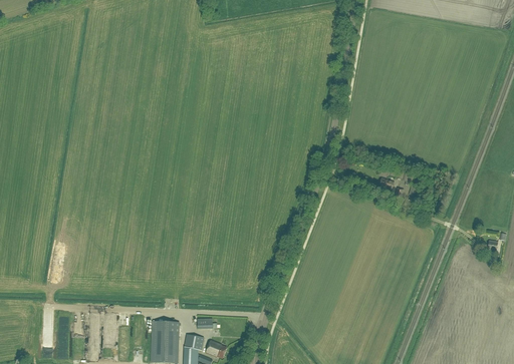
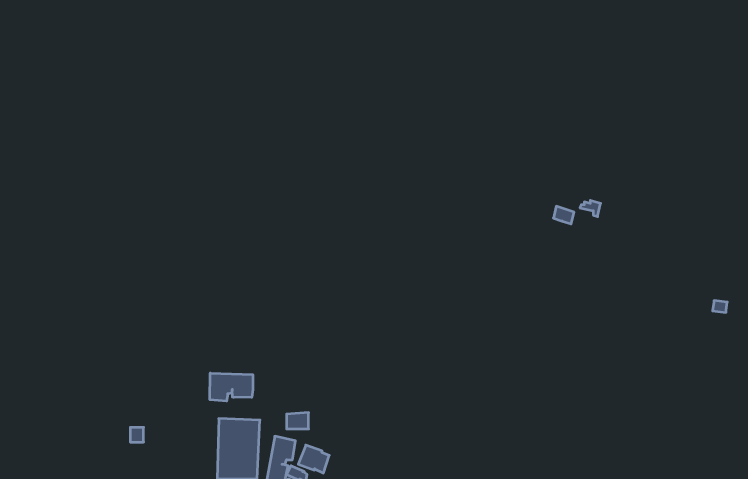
building: none -> [210,373,253,401]

